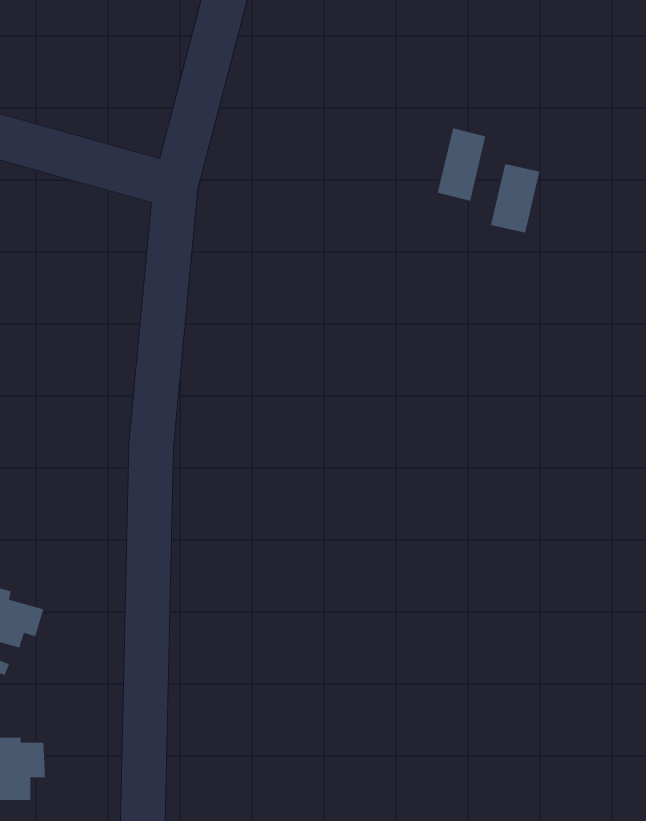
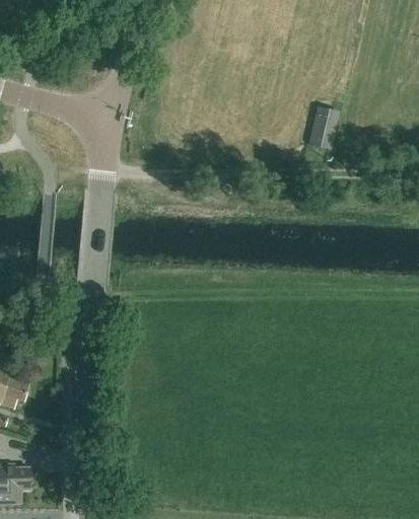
building: [437,127,486,202] -> none

